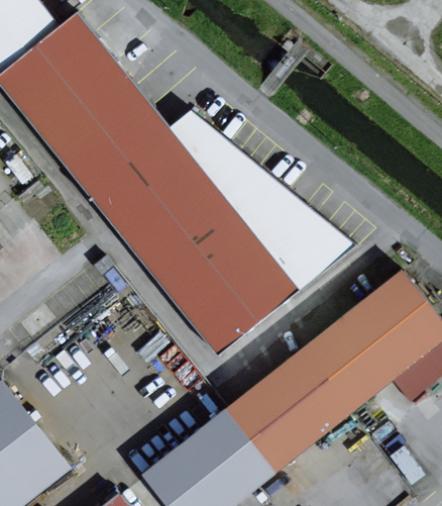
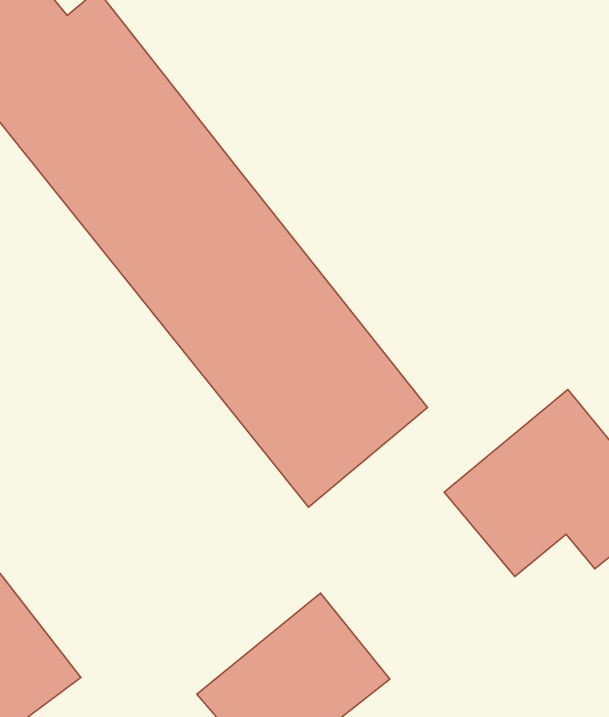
building: [171,112,353,289] -> none
building: [227,345,357,471] -> none

